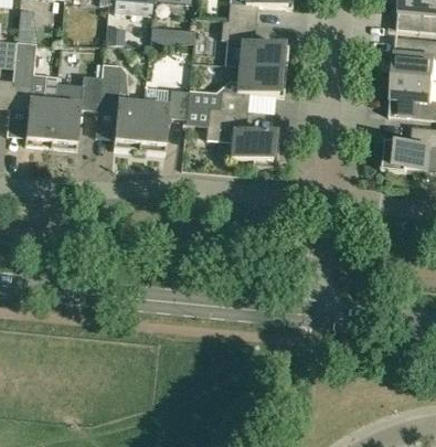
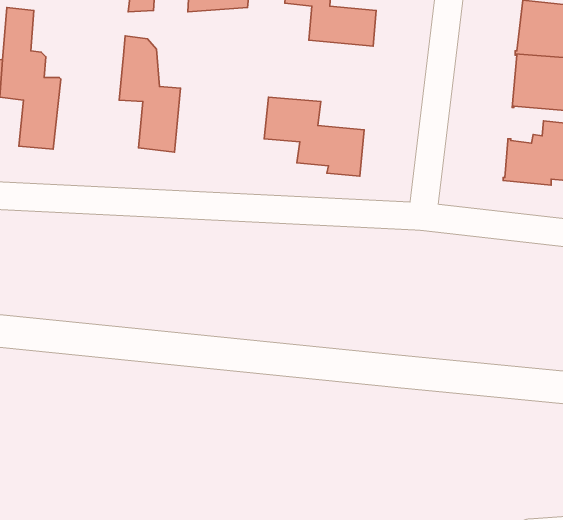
building: [209,65,286,110] -> none
building: [50,74,102,148] -> none
building: [139,85,189,150] -> none

